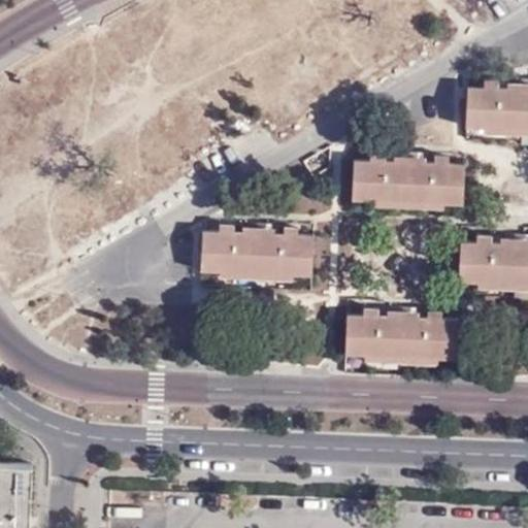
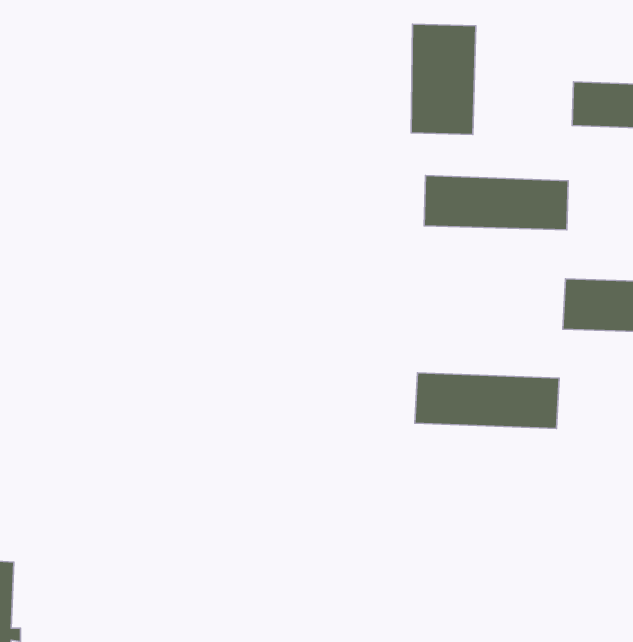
building: none -> [411,24,476,134]
building: [201,234,312,275] -> none

